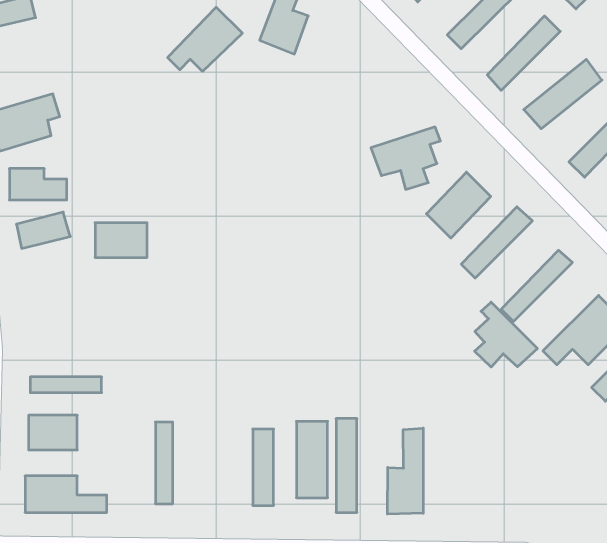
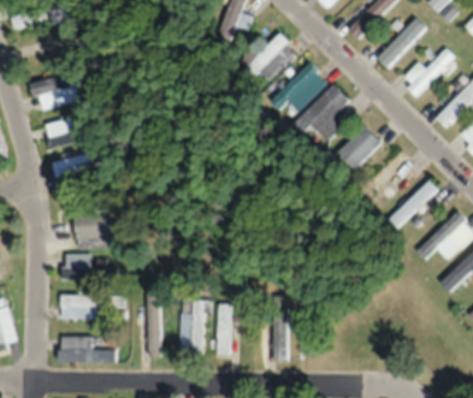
building: [168,7,242,71] -> [246,35,297,79]
building: none -> [271,63,326,109]
building: [95,223,147,257] -> [75,214,111,238]
building: [475,302,537,367] -> none
building: [296,421,328,498] -> [179,302,201,355]
building: [387,428,423,514] -> none

